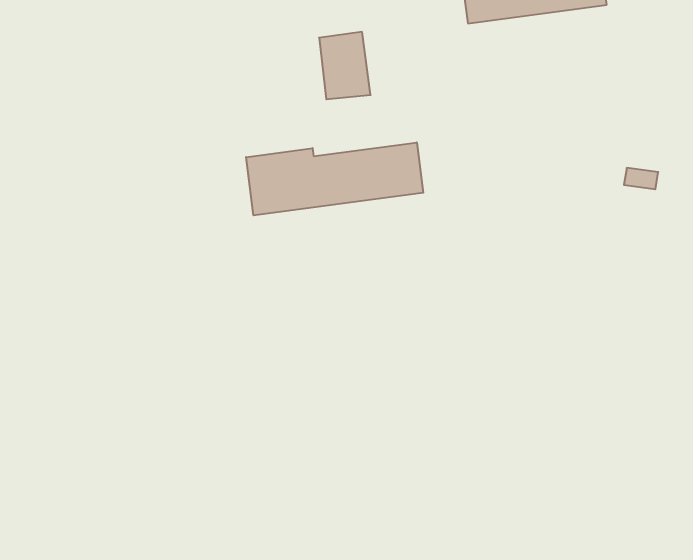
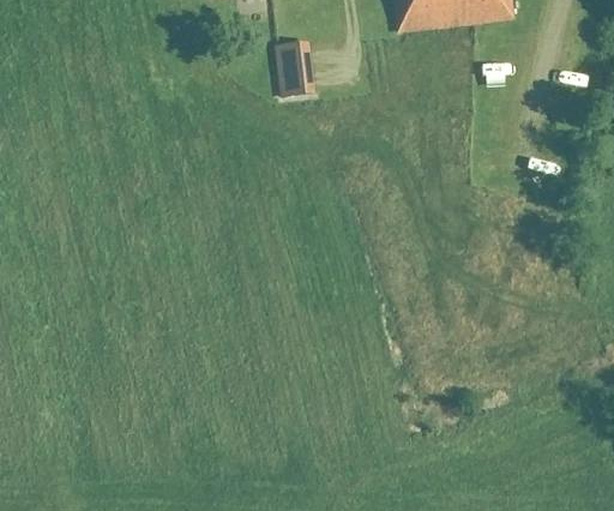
building: [246,142,423,215] -> none

